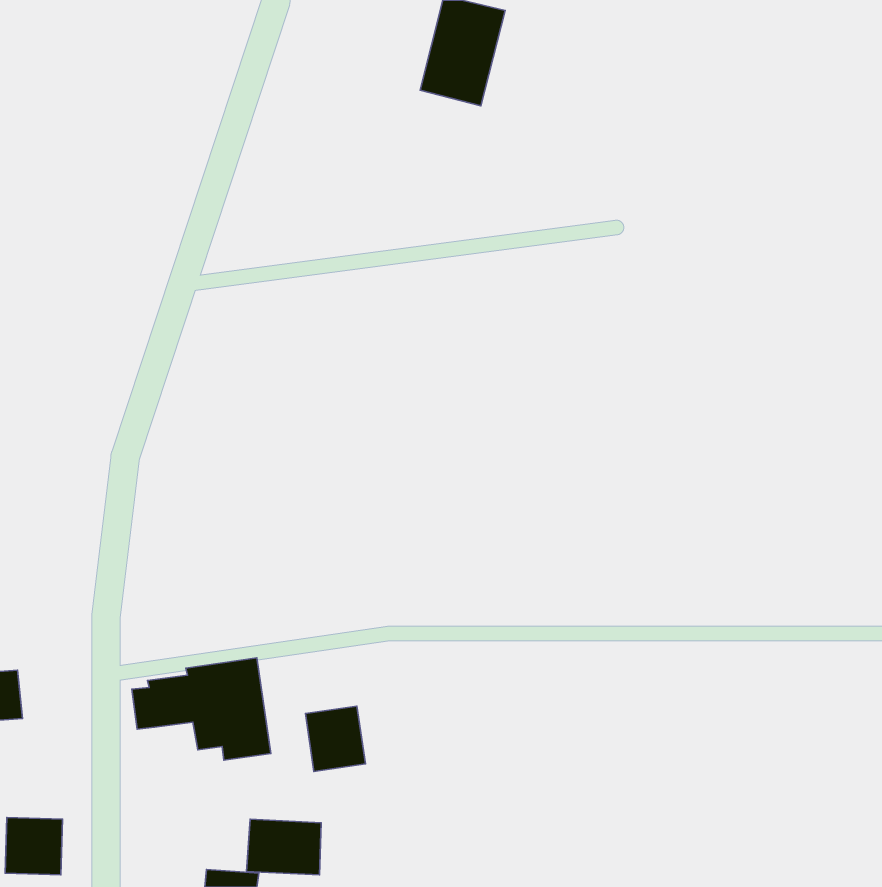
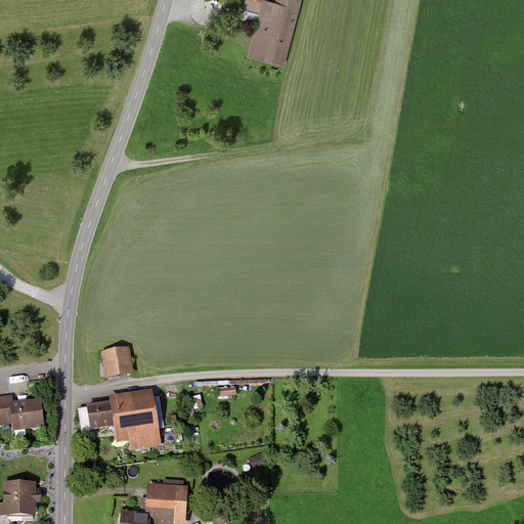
building: none -> [99,347,133,381]
building: none -> [12,399,45,431]
building: [305,706,365,771] -> none

